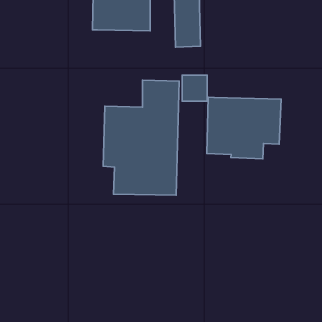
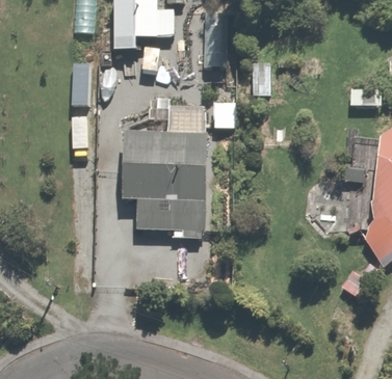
building: [207,97,281,159] -> none

